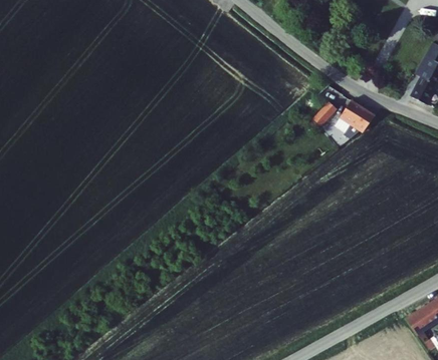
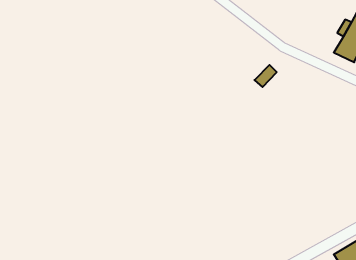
building: [341,102,376,144] -> none

